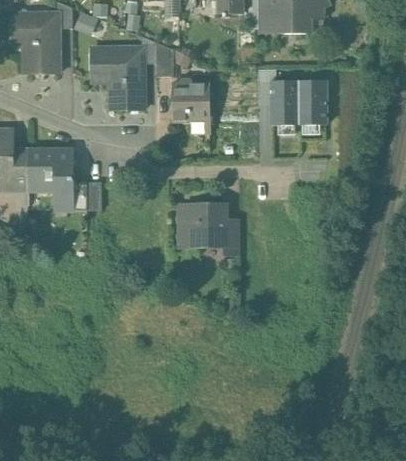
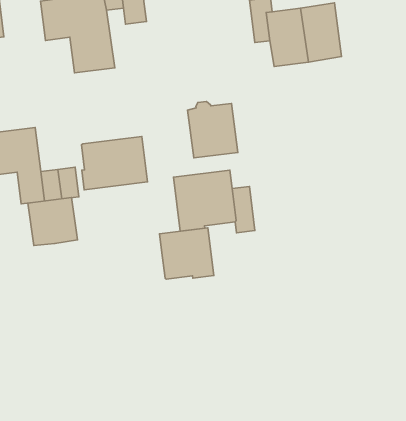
building: [172,77,208,121] -> [188,102,238,158]
building: none -> [82,136,148,190]
building: none -> [28,198,78,245]
building: none -> [159,228,214,279]

